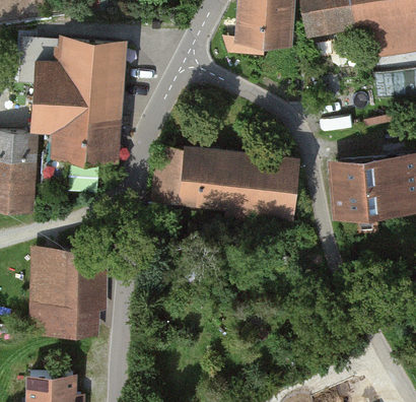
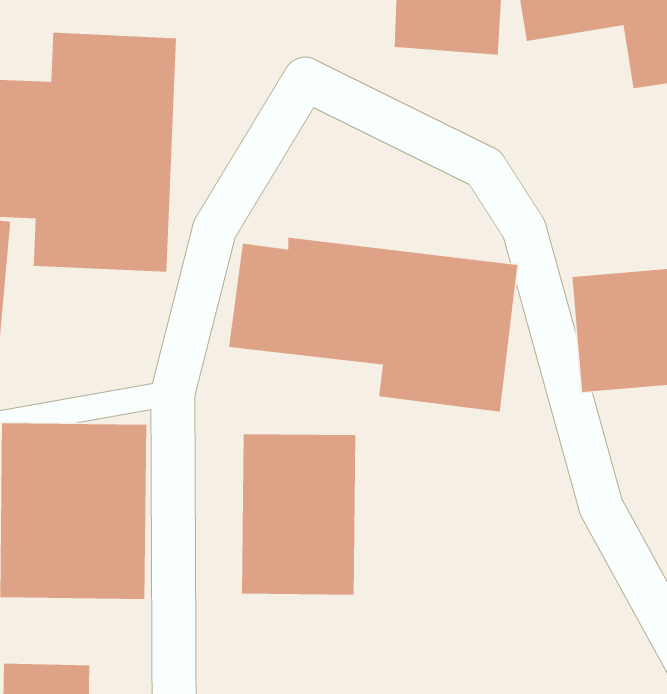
building: none -> [241,433,356,595]

